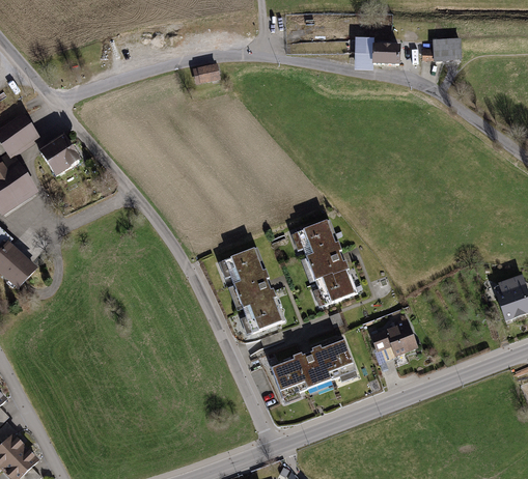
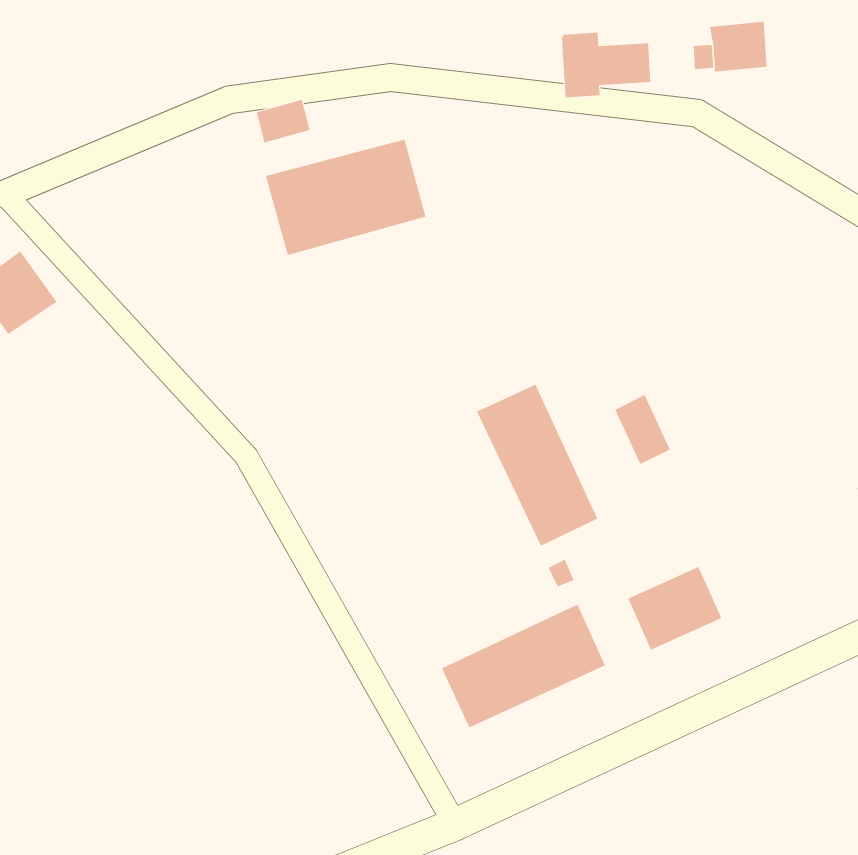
building: none -> [265,139,426,256]
building: none -> [614,394,671,465]
building: [224,248,284,332] -> none

